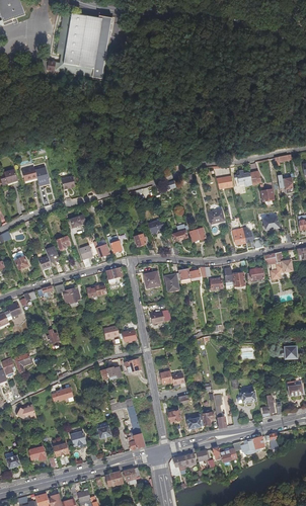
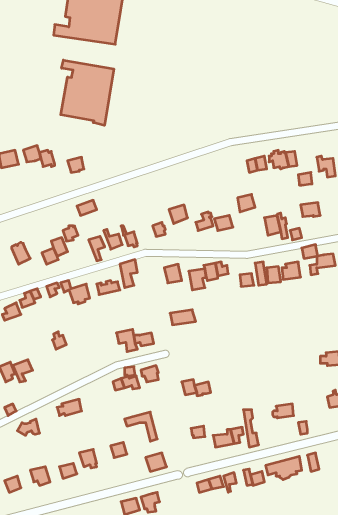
building: none -> [61,60,114,125]

